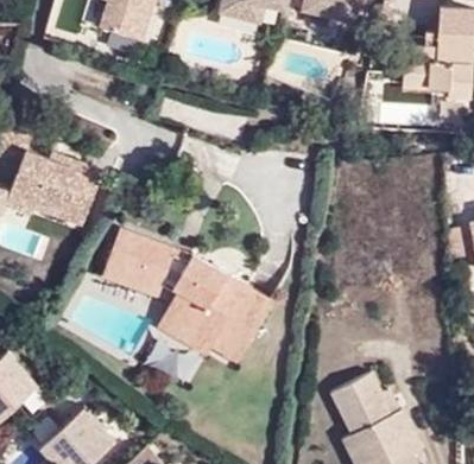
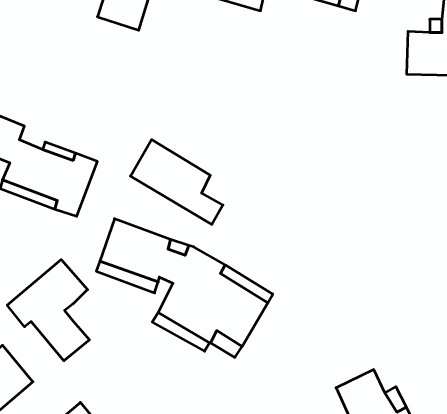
building: none -> [130,140,223,224]
building: none -> [7,260,89,361]

